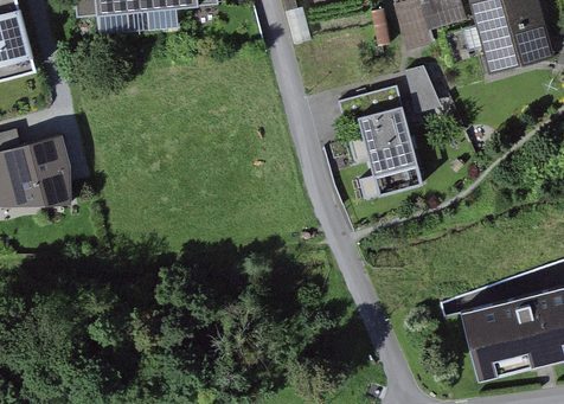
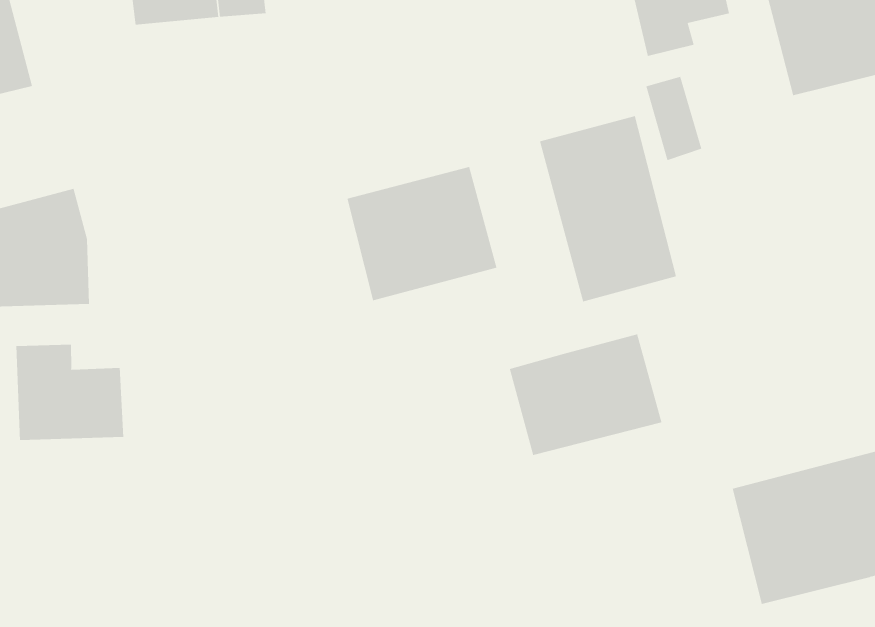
building: none -> [347,166,497,301]
building: none -> [509,333,662,456]
building: none -> [16,344,124,441]

